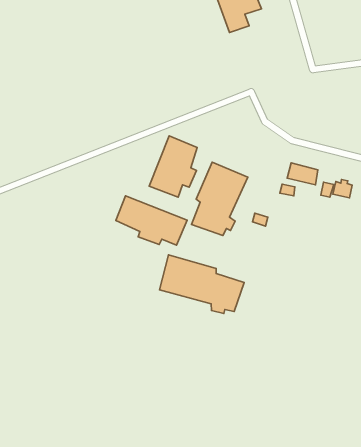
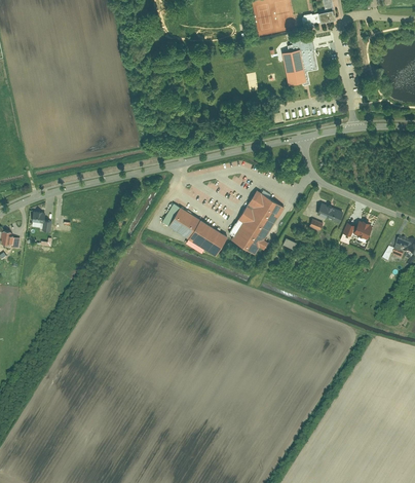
building: [149,136,197,197] -> none
building: [160,255,244,314] -> none

